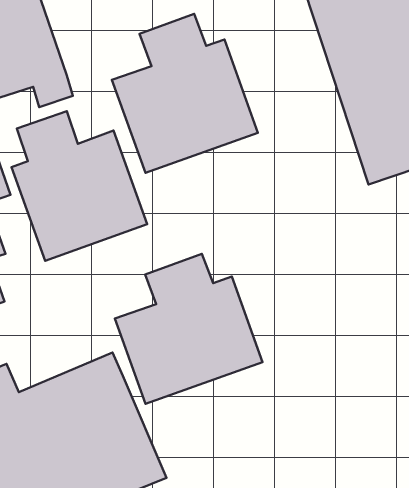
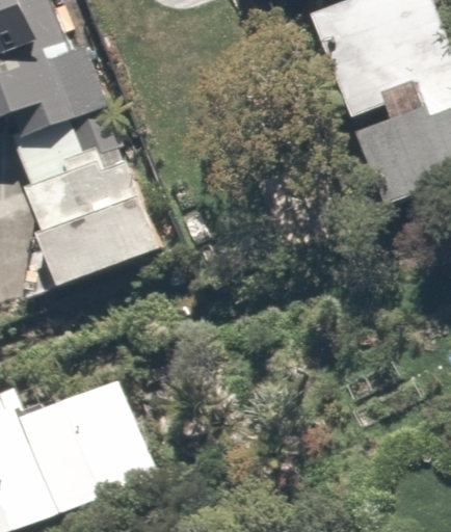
building: [112,14,258,173] -> none
building: [115,254,263,404] -> none

